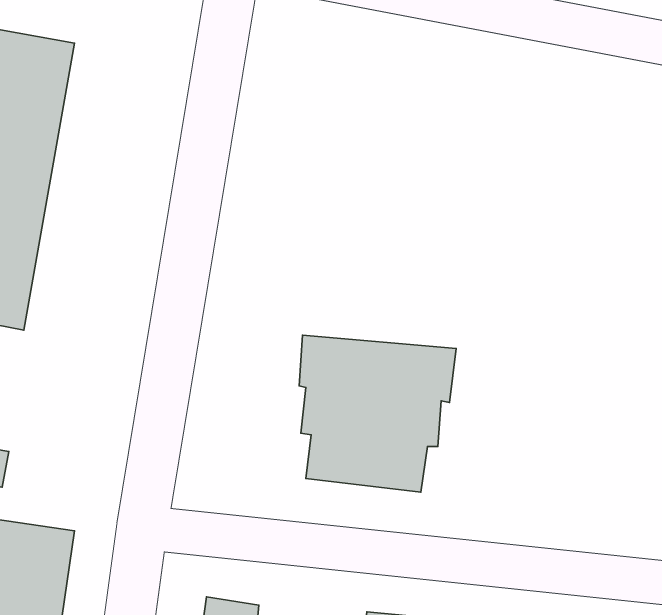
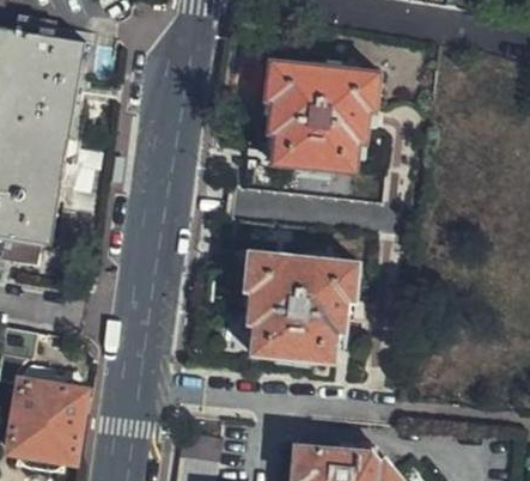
building: none -> [266,59,378,171]

